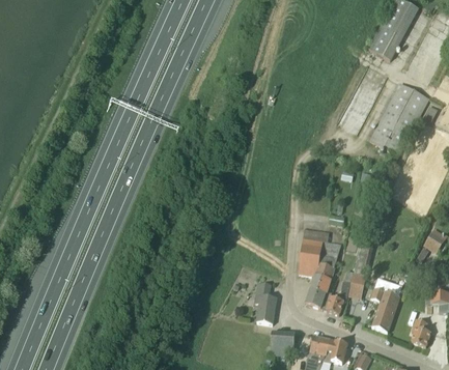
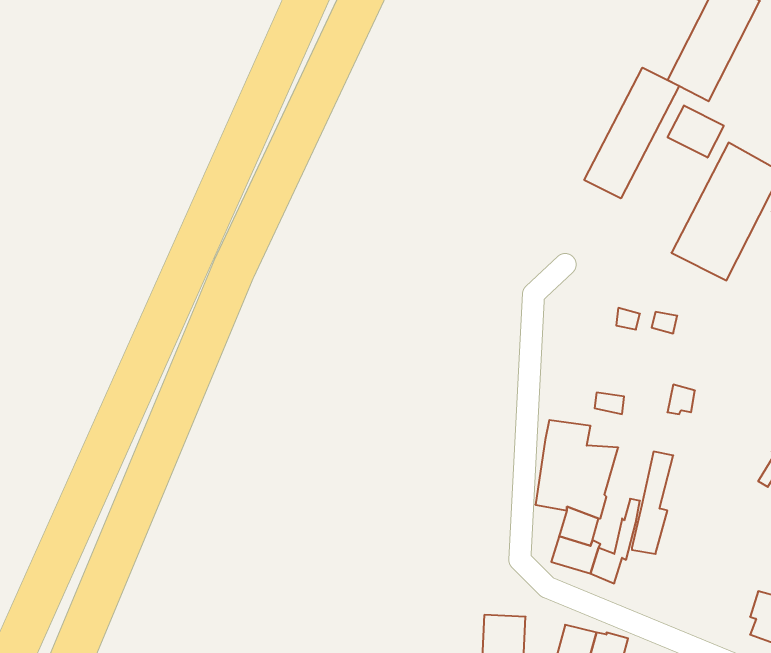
building: none -> [584,68,679,198]
building: none -> [668,105,724,158]
building: [254,281,277,323] -> none
building: [371,287,400,332] -> none

